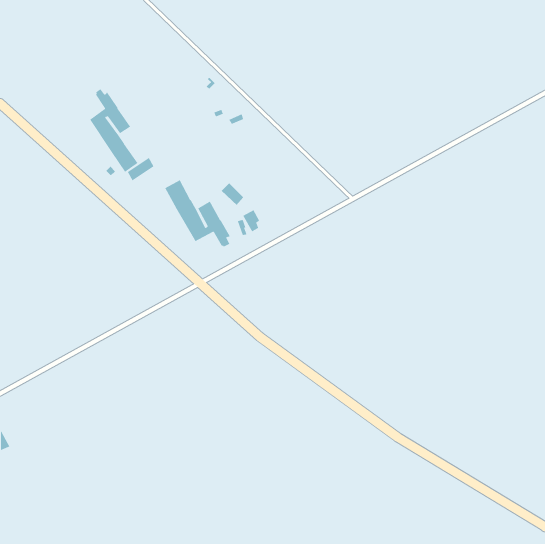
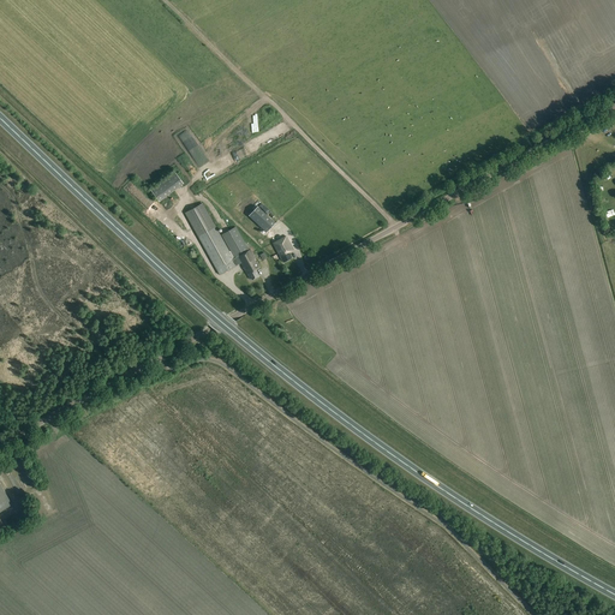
building: [89,88,138,173] -> none

